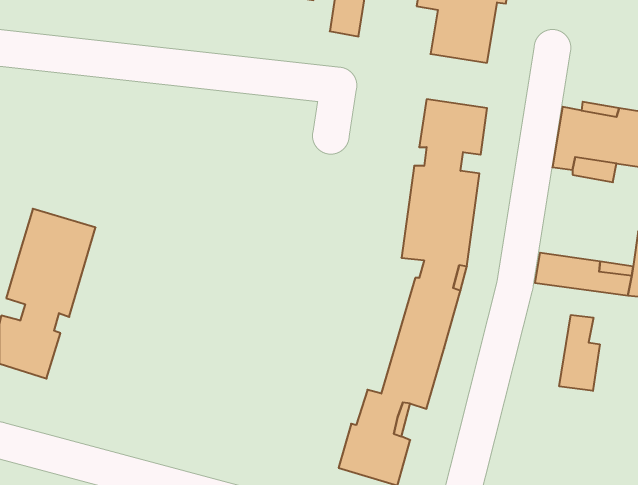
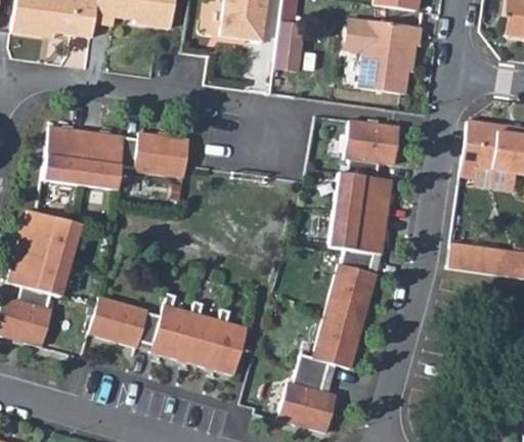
building: none -> [42,127,189,190]
building: none -> [91,295,248,377]
building: [559,315,600,391] -> none

